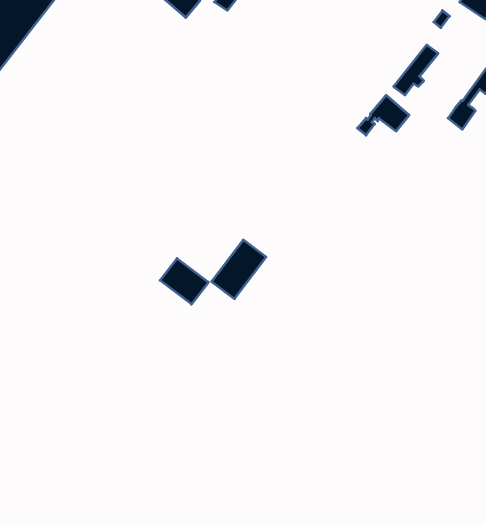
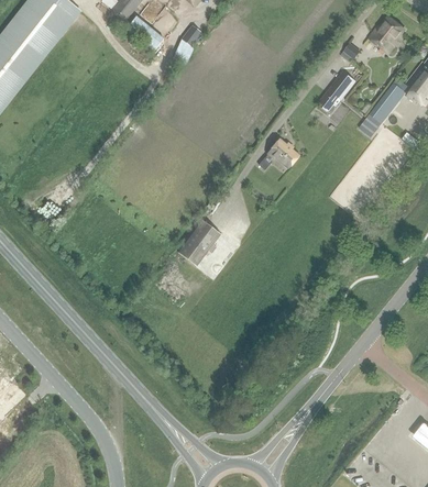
building: [357,95,409,135] -> [259,140,298,170]
building: [160,258,208,304] -> none

